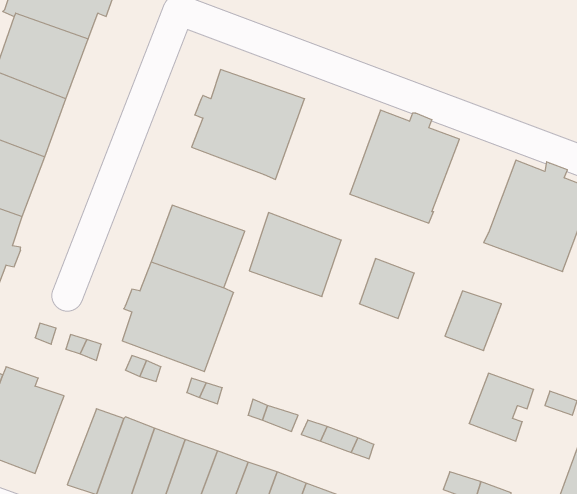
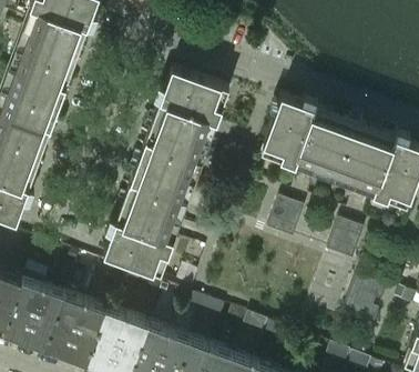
building: none -> [316,122,374,187]
building: [249,213,341,297] -> [137,128,201,185]
building: none -> [43,299,85,360]

